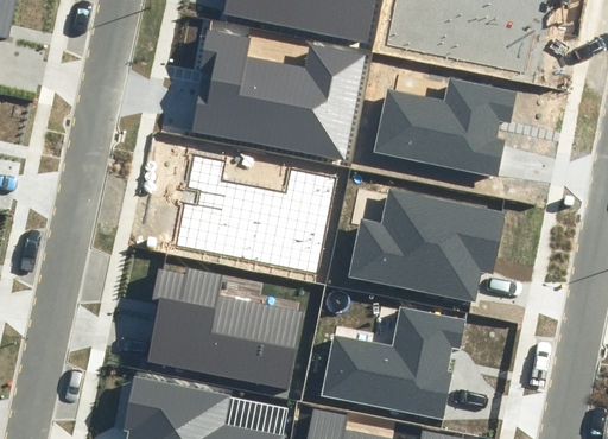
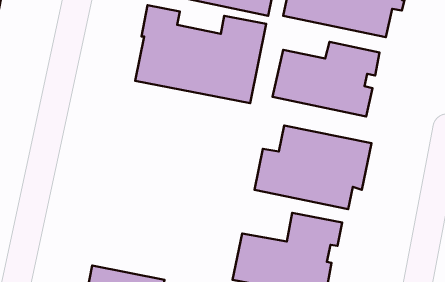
building: [175,154,336,274] -> none
building: [147,267,303,389] -> none

